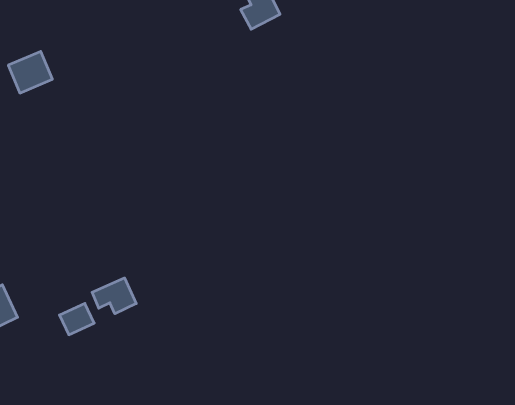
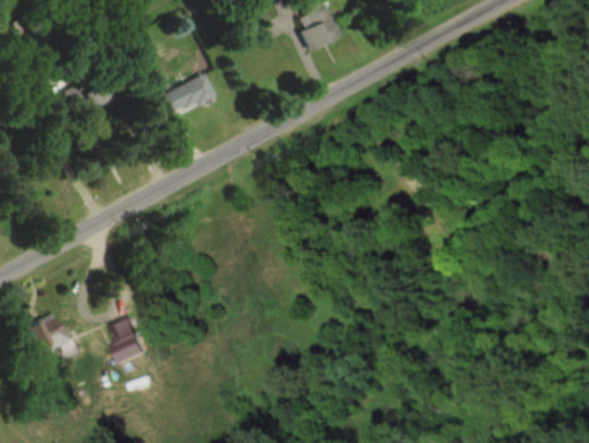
building: none -> [157,73,215,117]
building: [92,278,136,314] -> none

